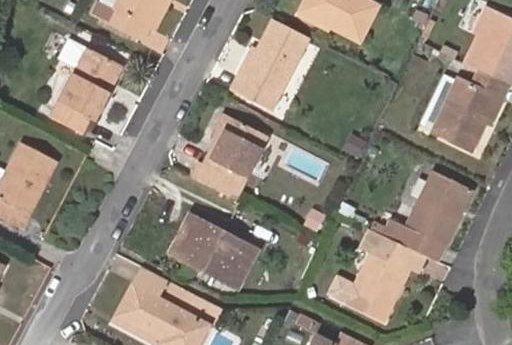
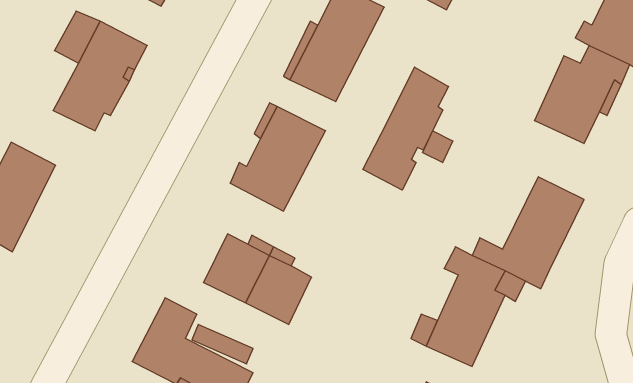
building: none -> [363,67,449,190]

